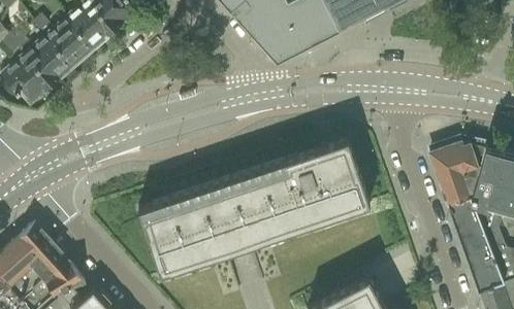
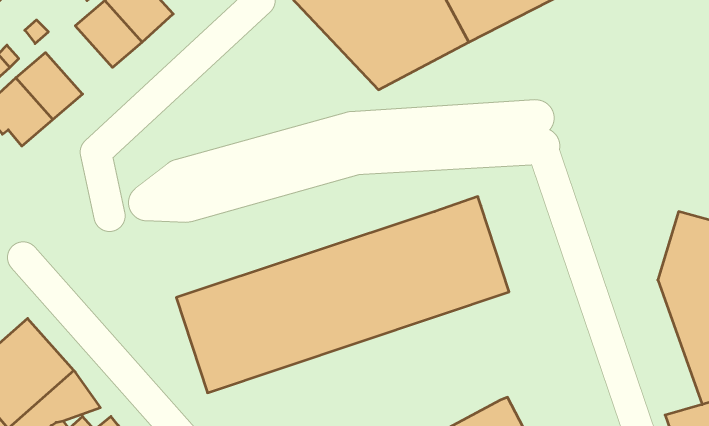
building: [46,20,93,67] -> none
building: [428,143,503,289] -> none

